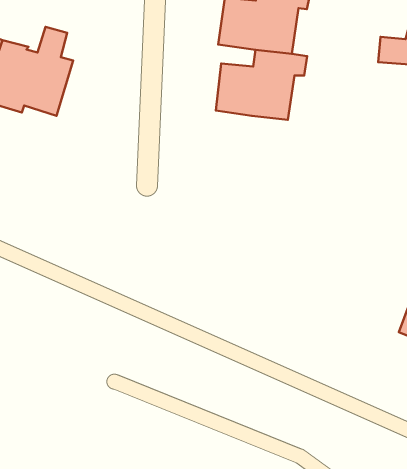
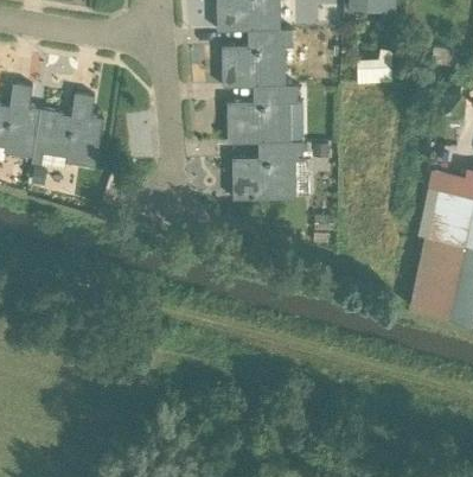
building: none -> [232,141,309,198]

